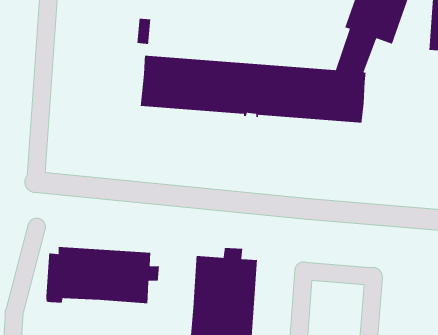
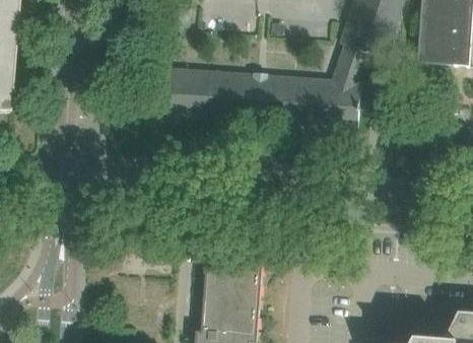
building: [46,246,160,304] -> none

